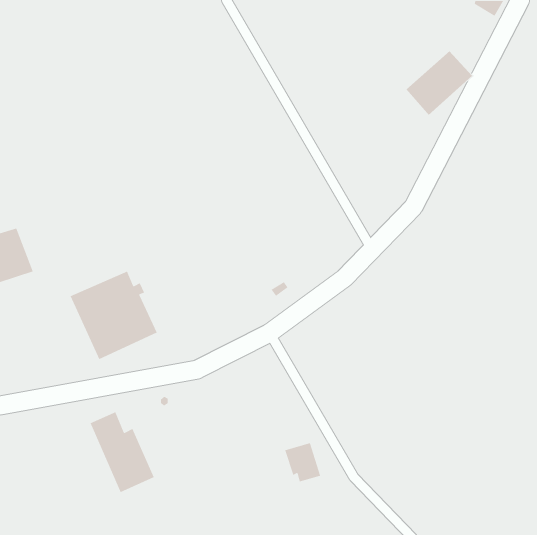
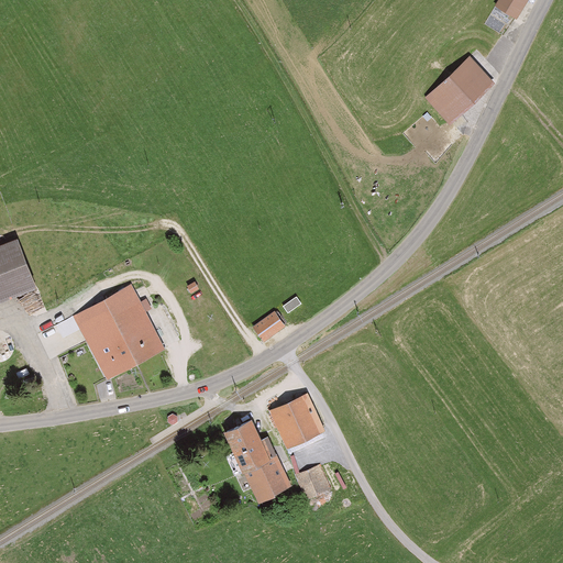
building: none -> [252,311,287,343]
building: none -> [269,393,323,448]
building: [90,411,155,493] -> [223,418,291,504]

